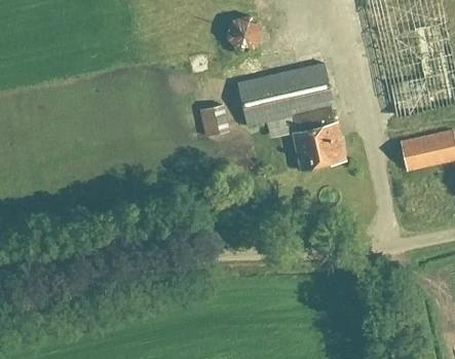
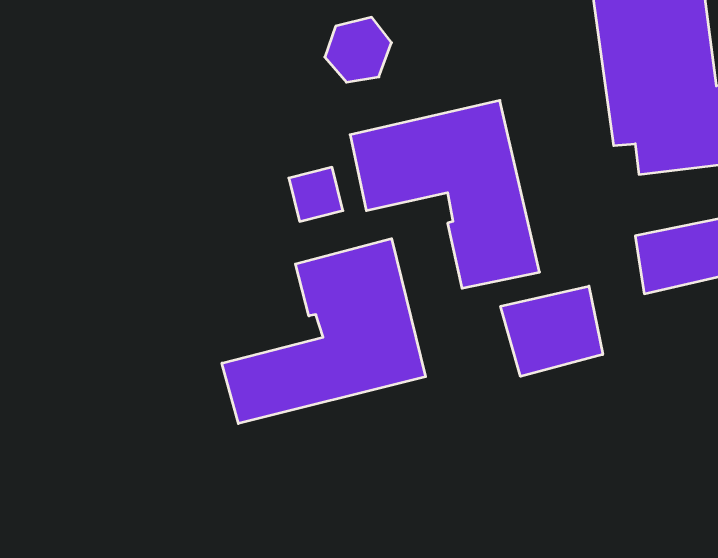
building: none -> [222,239,426,424]
building: none -> [501,286,603,376]

